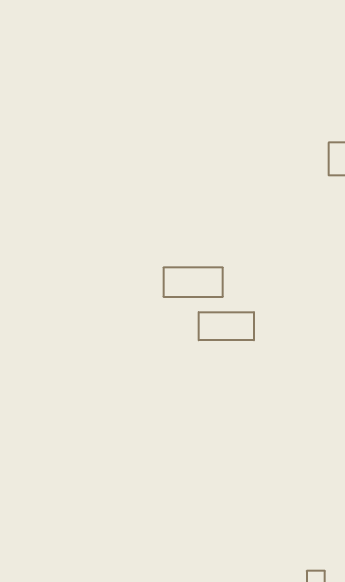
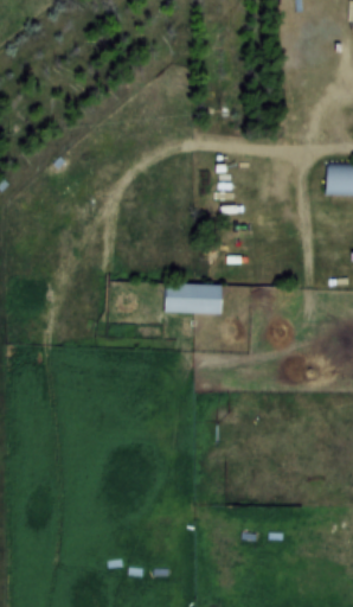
building: [199,312,254,340] -> none

